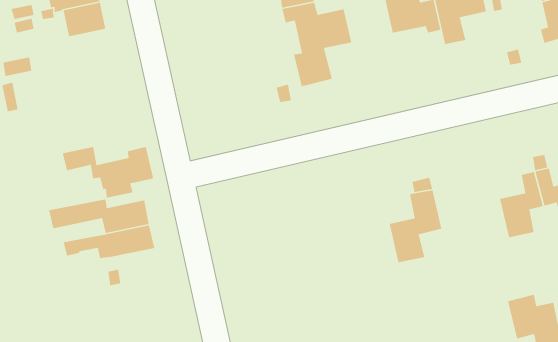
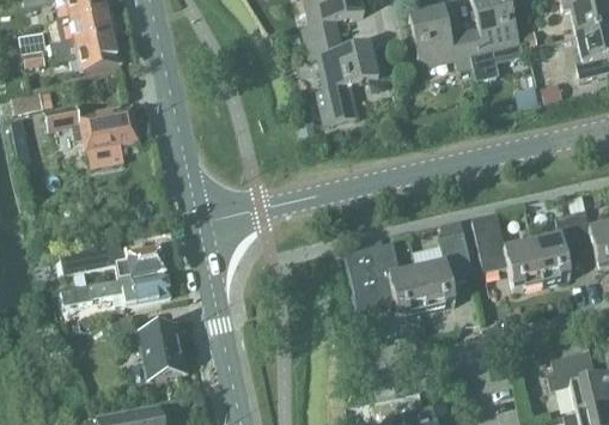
building: [62,145,154,198] -> [42,104,139,160]
building: none -> [471,213,542,290]
building: none -> [345,243,426,317]
building: none -> [138,323,185,380]

